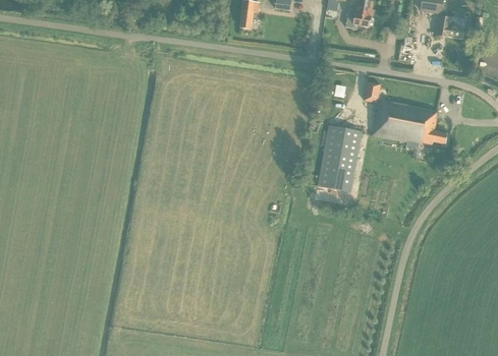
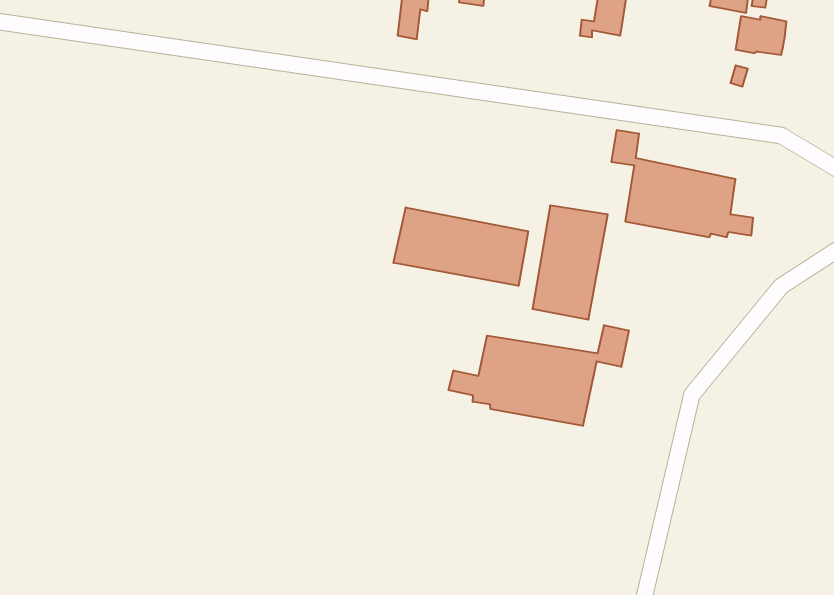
building: none -> [393,207,528,286]
building: none -> [448,325,629,426]

